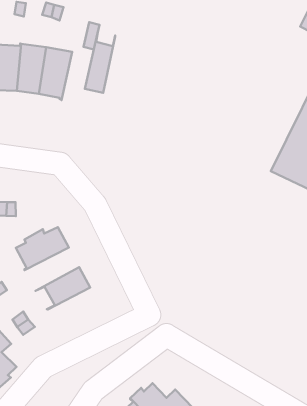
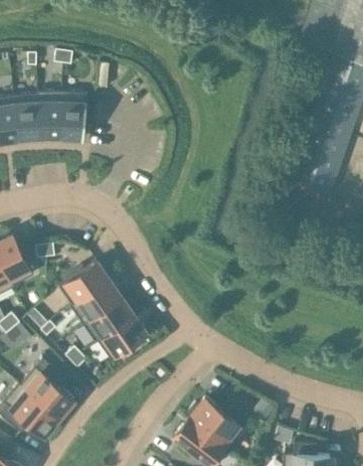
building: [85,30,115,93] -> none
building: none -> [69,281,121,326]
building: none -> [97,316,147,361]

